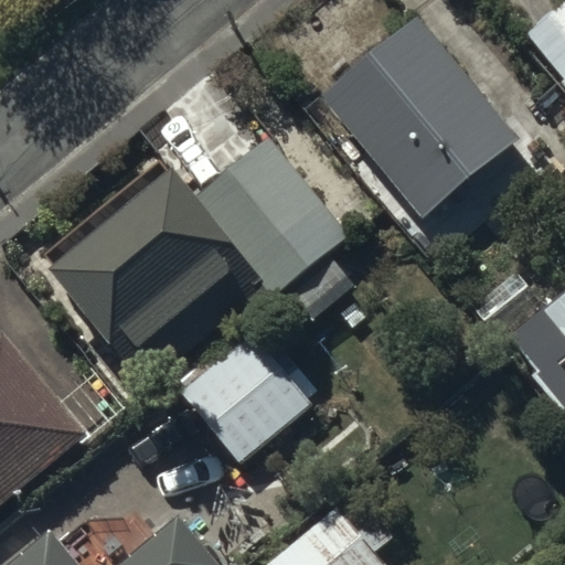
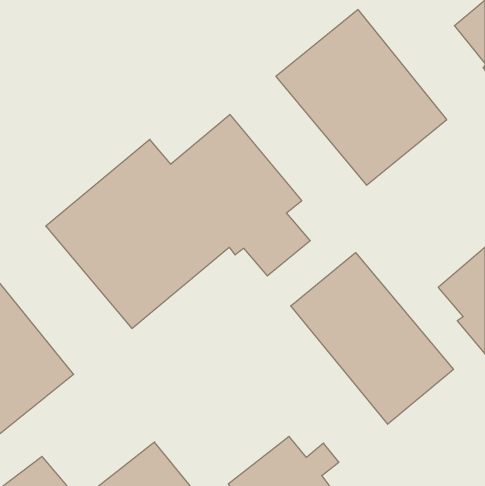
building: none -> [291,253,453,424]
building: [177,330,311,466] -> none

